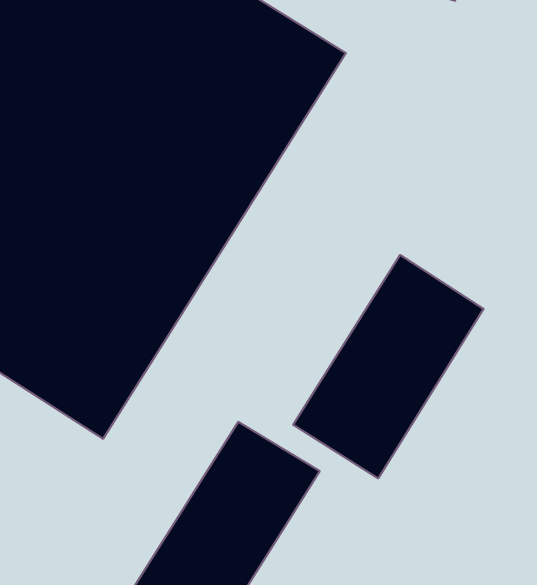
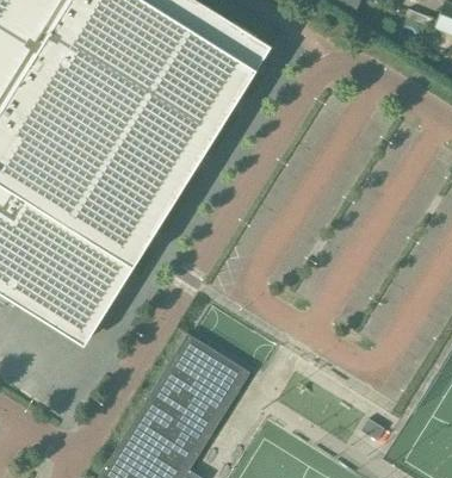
building: [293,255,484,478] -> none

